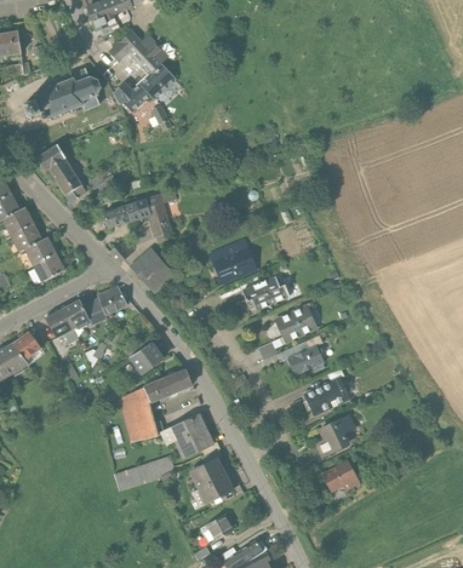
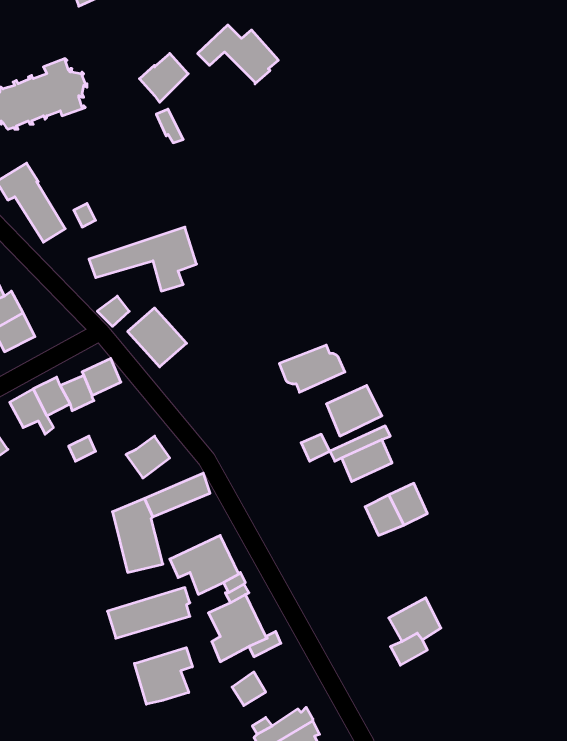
building: [109,34,167,76] -> [198,25,278,84]
building: [114,85,150,113] -> none
building: [212,243,252,281] -> none
building: [314,414,351,454] -> none
building: none -> [134,648,192,704]

